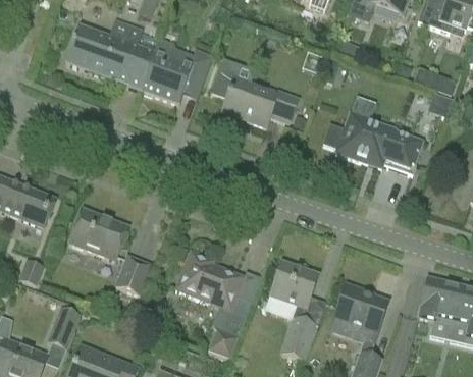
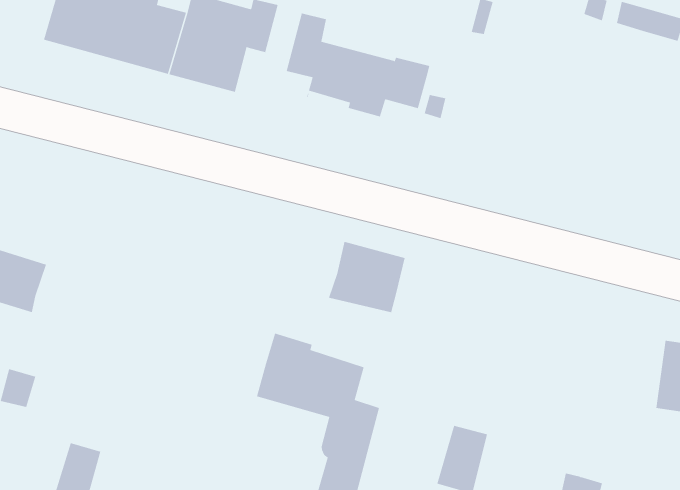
building: [323,111,422,173] -> none
building: [69,208,128,259] -> none
building: [115,254,154,297] -> none
building: [269,261,318,307] -> [328,241,406,313]
building: [333,283,388,343] -> none

